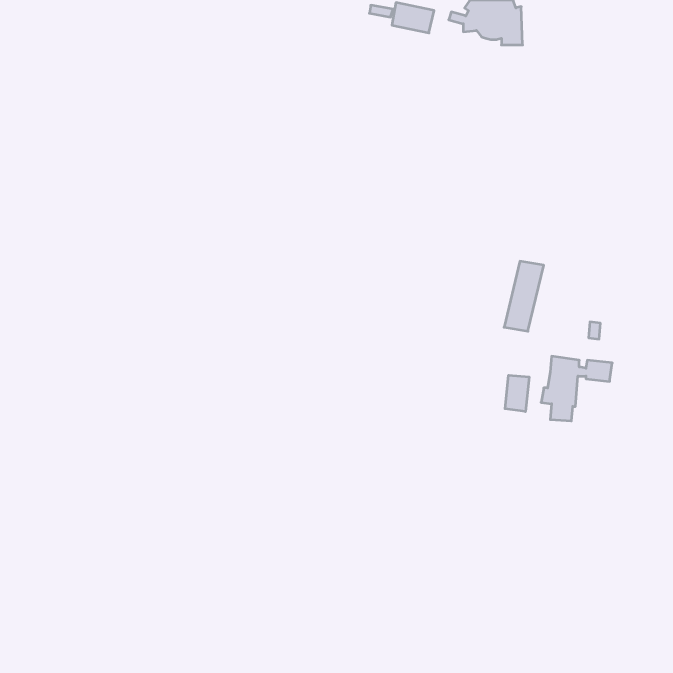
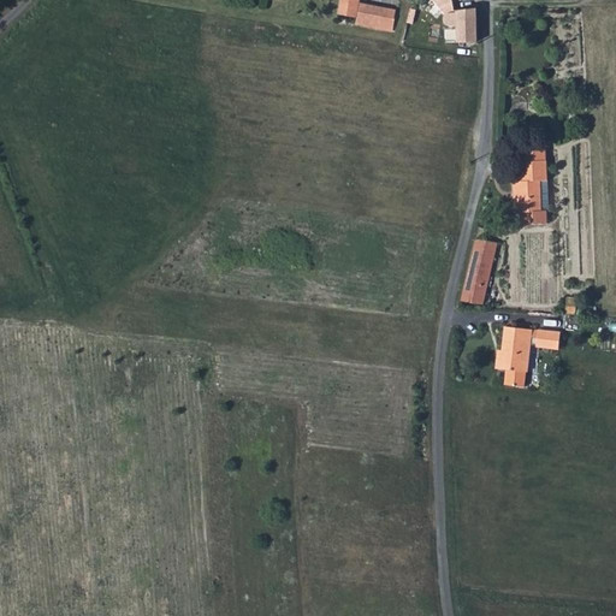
building: none -> [515,148,546,212]
building: [505,375,529,412] -> none

